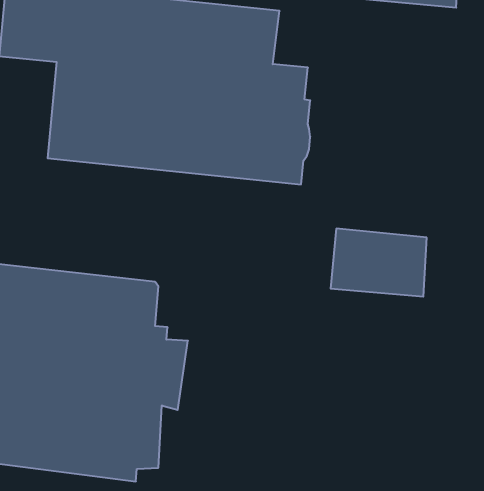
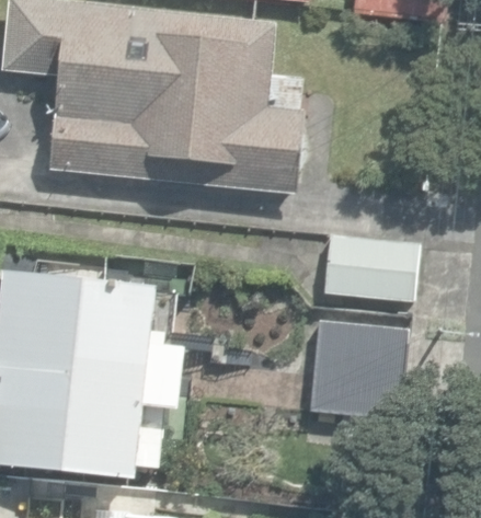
building: none -> [309,322,404,418]

